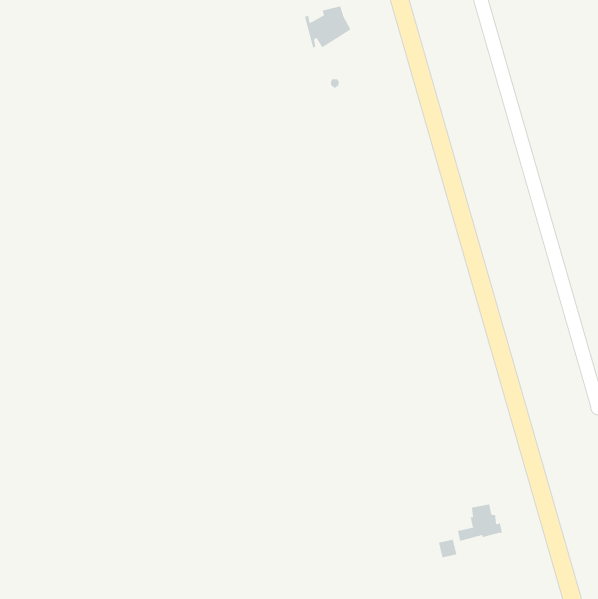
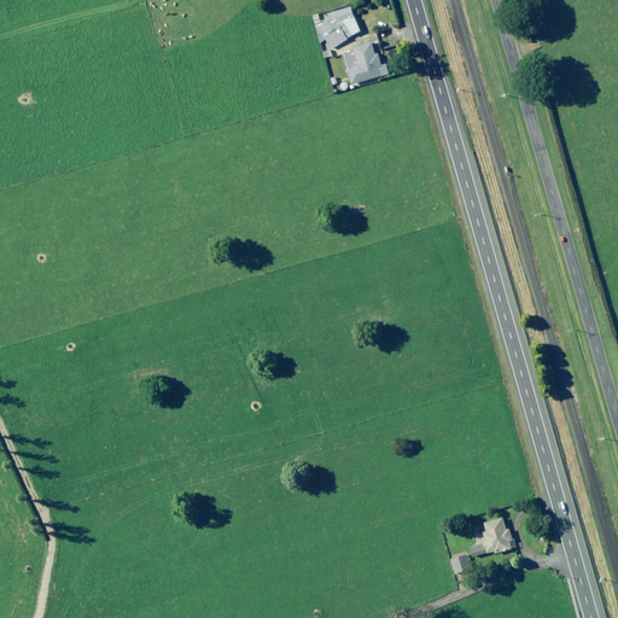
building: none -> [344,42,389,83]

